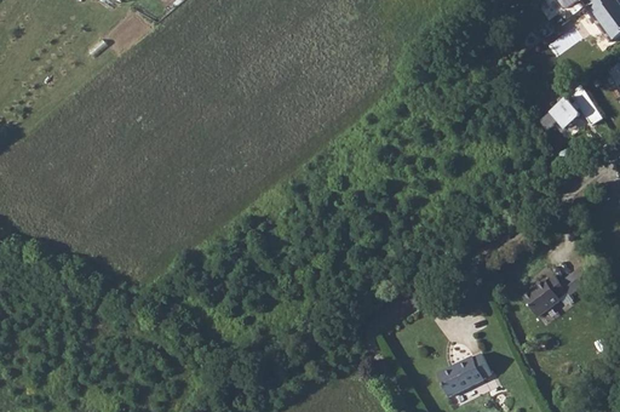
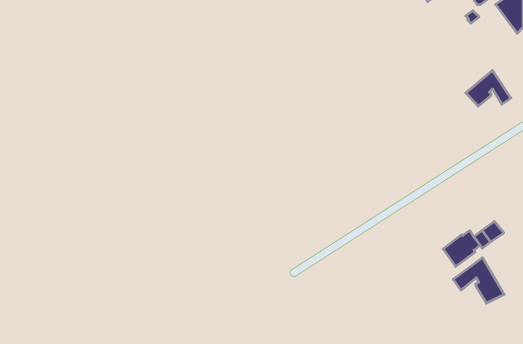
building: none -> [453,258,504,303]
building: [436,353,490,396] -> none

